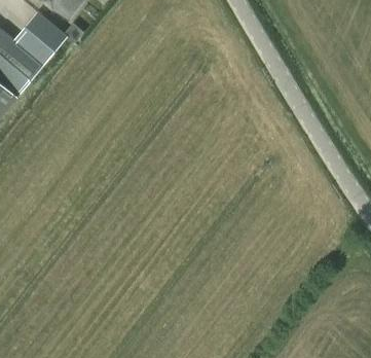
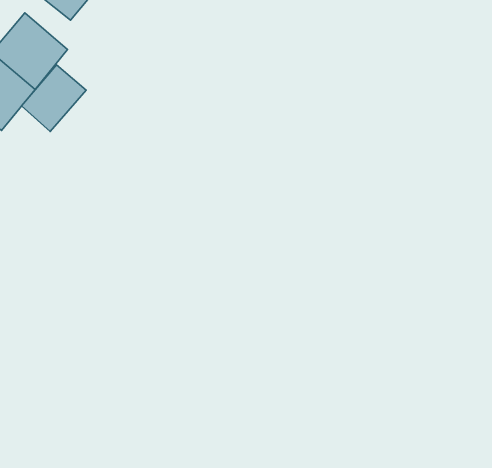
building: none -> [22,65,86,132]

